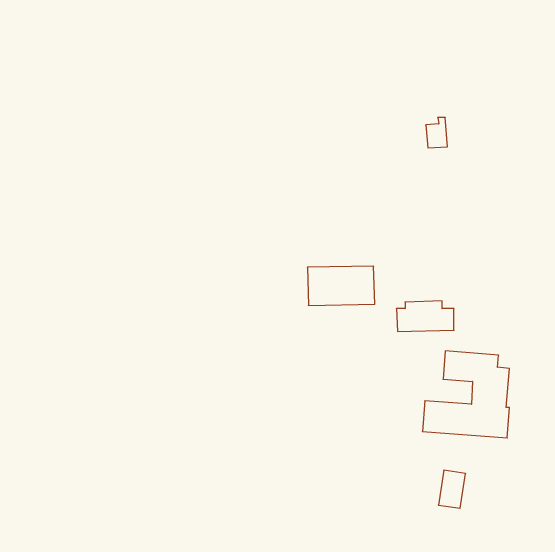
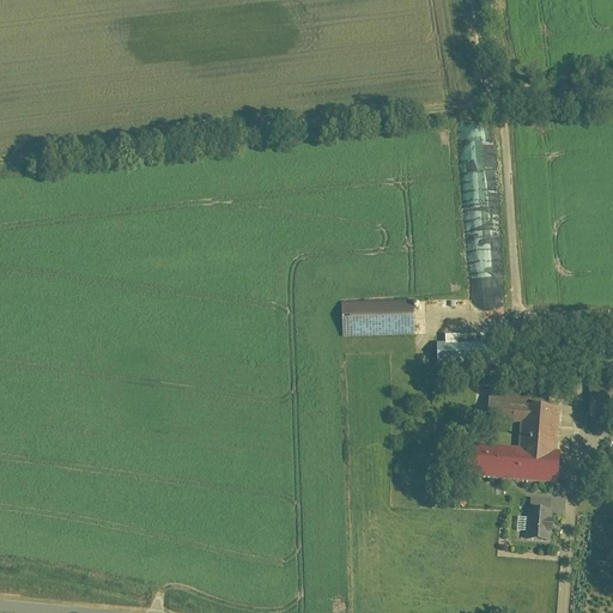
building: [438,470,466,508] -> [522,499,552,541]

